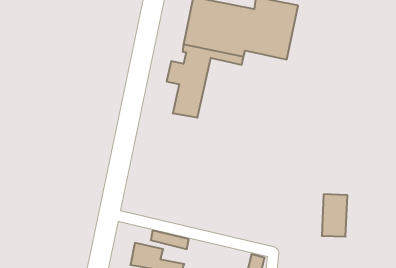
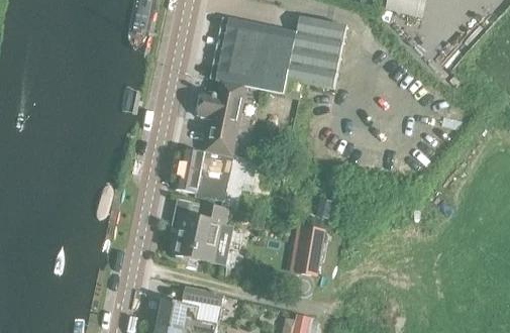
building: none -> [175,147,232,201]
building: none -> [171,203,251,263]
building: [322,194,347,237] -> [292,222,321,270]

